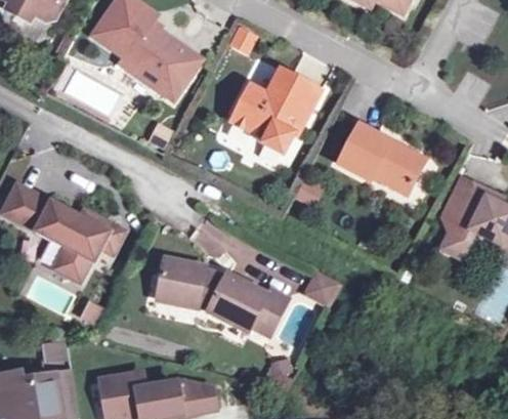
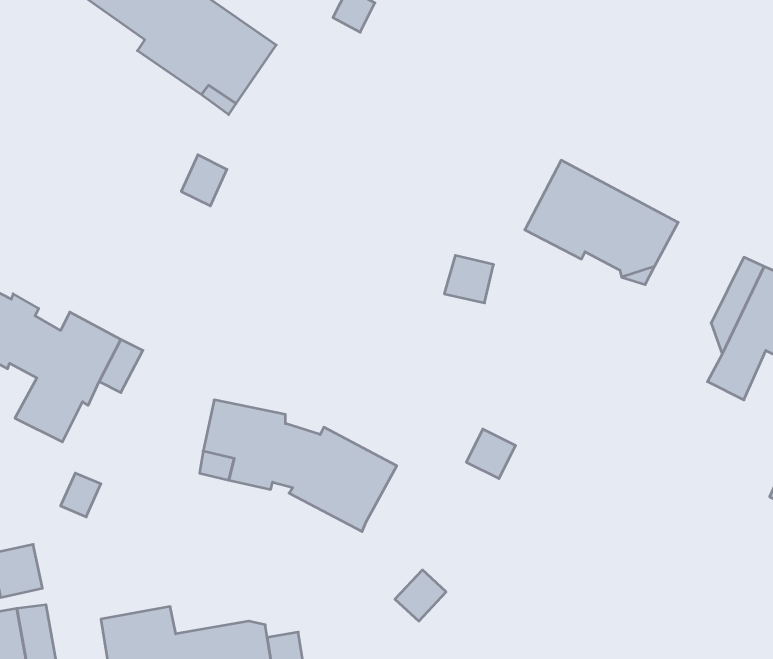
building: [232,70,320,153] -> none
building: [250,289,288,336] -> none

